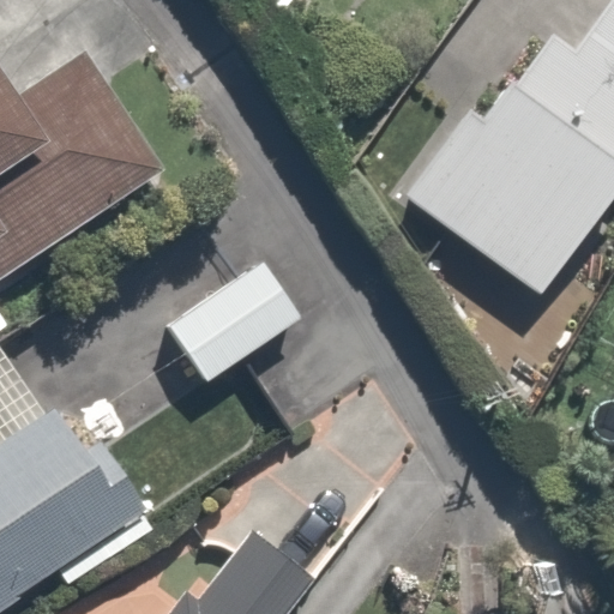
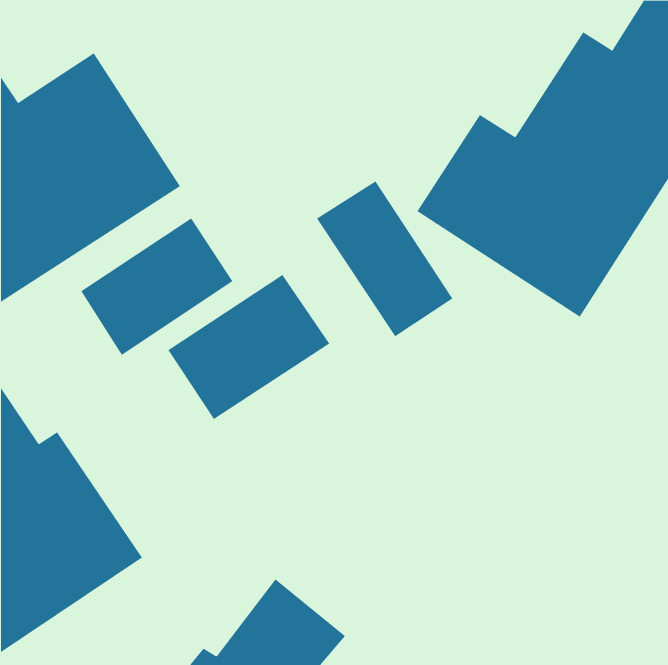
building: none -> [316,181,453,337]
building: none -> [80,218,233,356]

